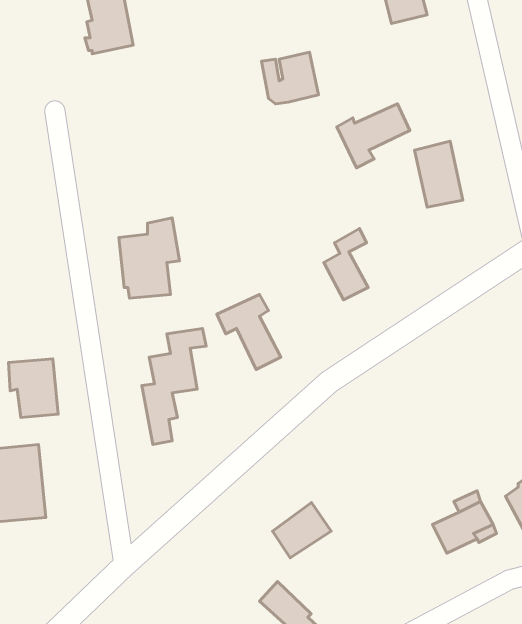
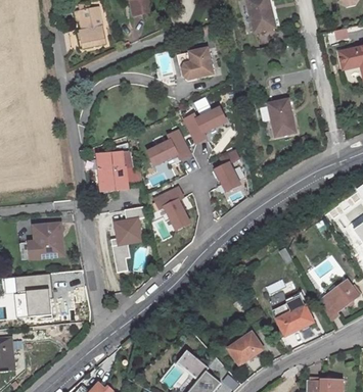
building: [337,104,410,168] -> [185,106,227,143]
building: none -> [147,130,189,164]
building: [272,502,331,558] -> [229,332,263,363]

